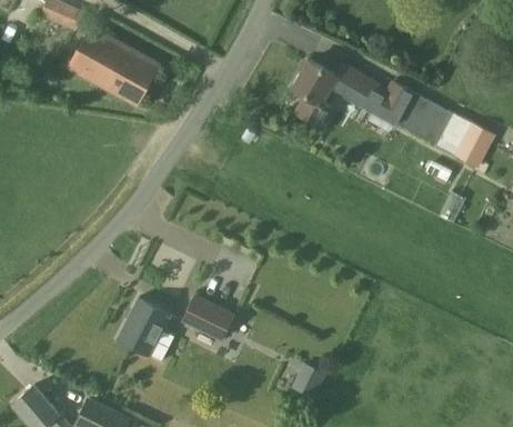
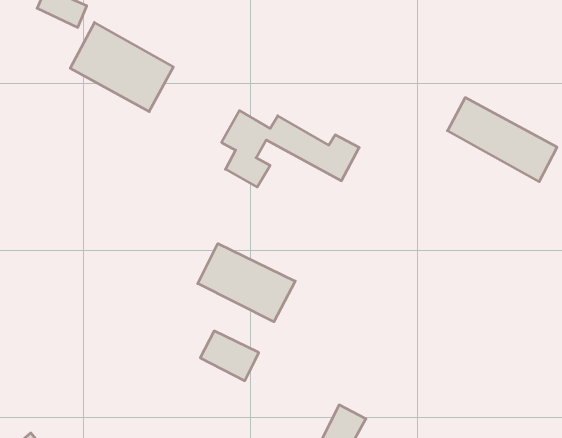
building: [293,60,413,127] -> [222,111,359,187]
building: none -> [198,244,295,322]
building: [117,297,174,360] -> none

